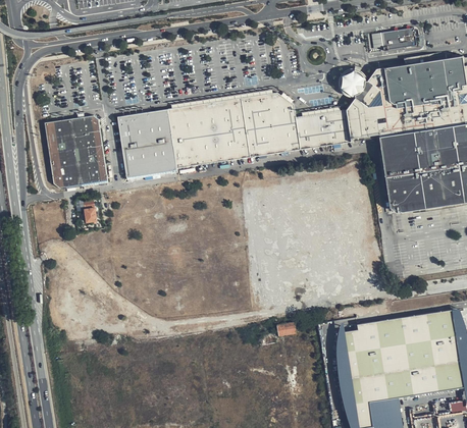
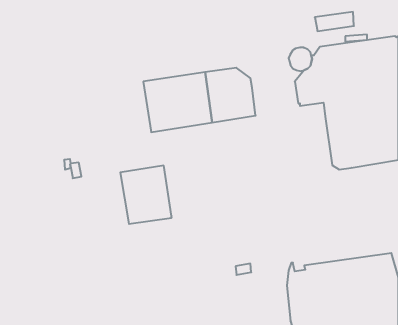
building: [117,109,177,177] -> [120,166,172,224]
building: [296,109,351,149] -> none
building: [44,115,108,189] -> none

